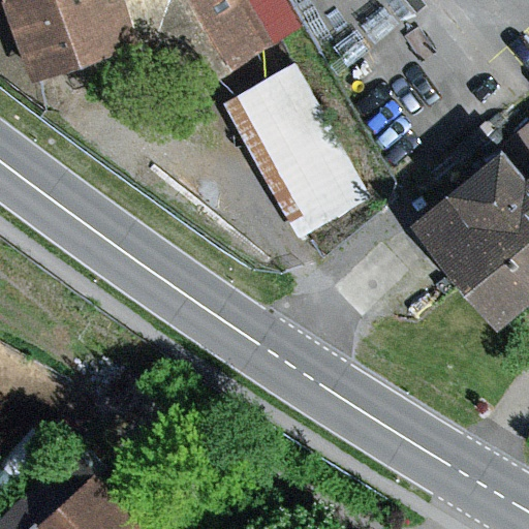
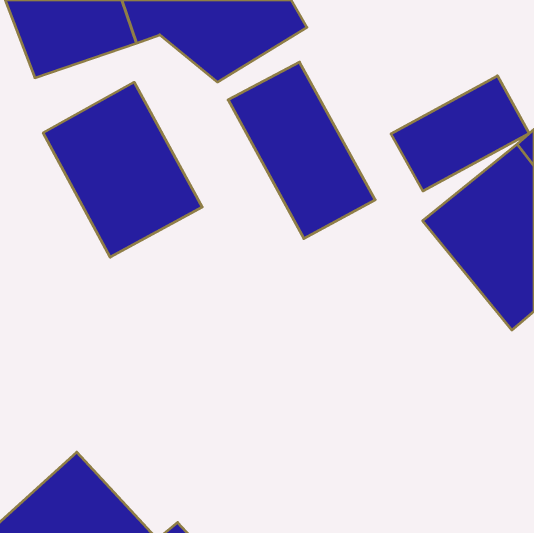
building: none -> [391,76,529,191]
building: none -> [43,82,202,257]

